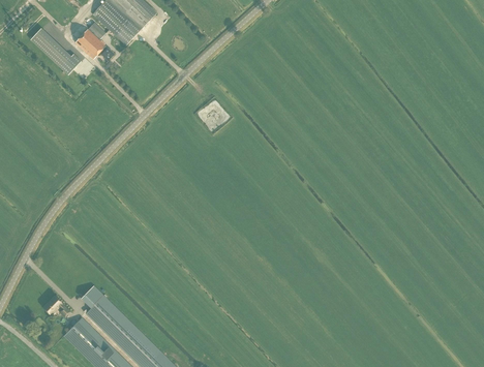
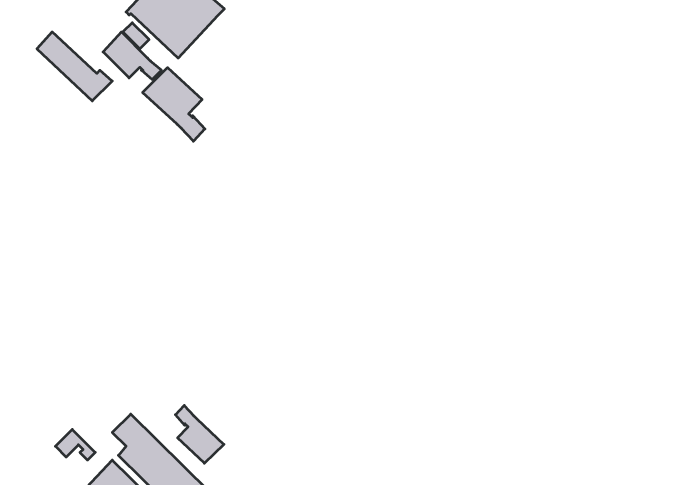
building: none -> [143,68,205,141]
building: none -> [175,405,224,463]

